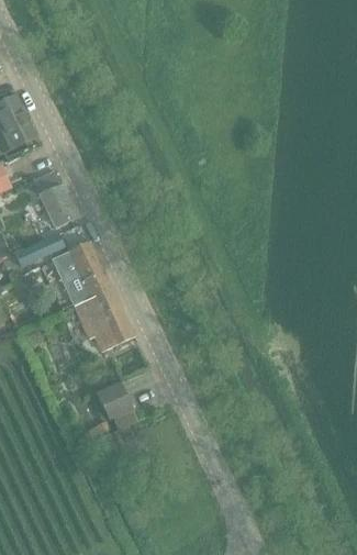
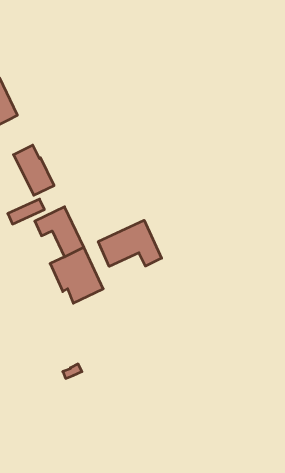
building: none -> [98,220,162,266]
building: [93,381,137,432] -> none

